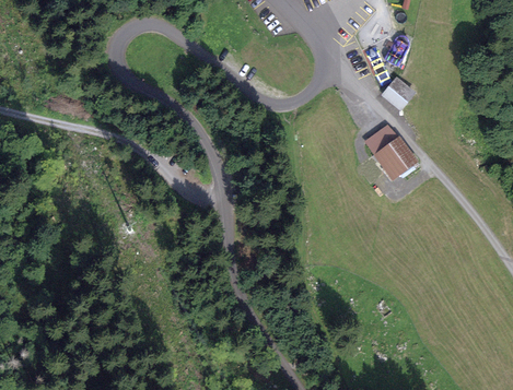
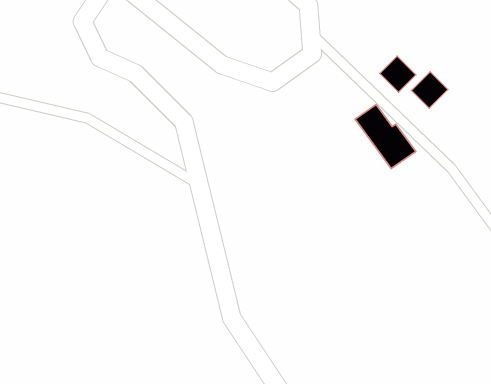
building: none -> [412,72,448,108]

